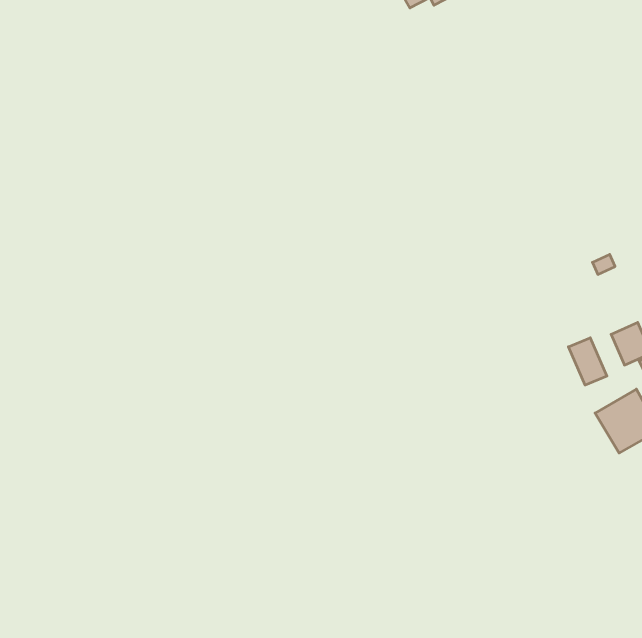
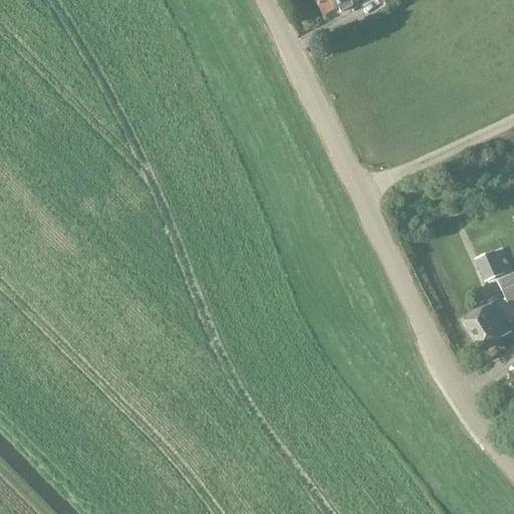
building: [568,338,607,385] -> none

